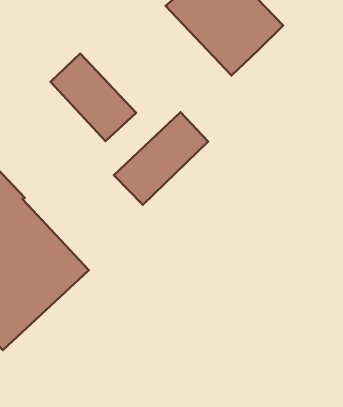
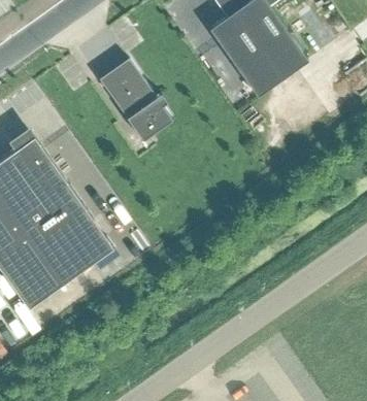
building: [114,112,208,205] -> none

